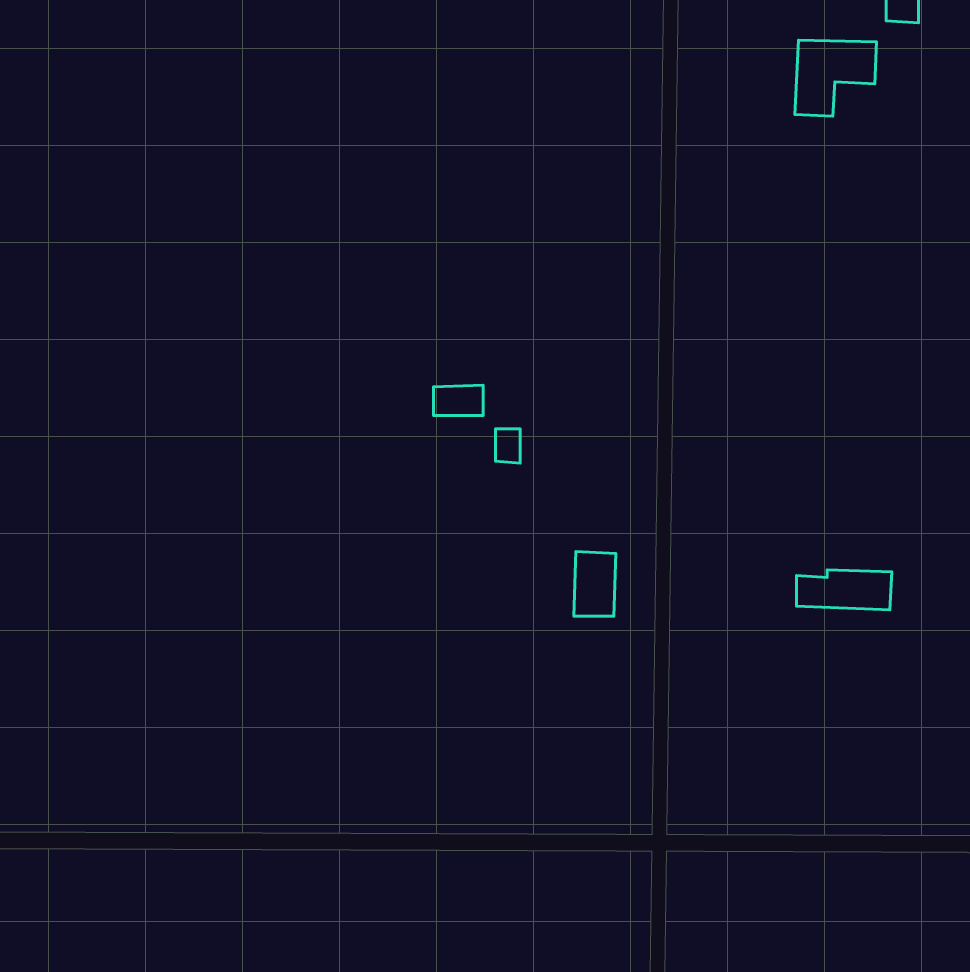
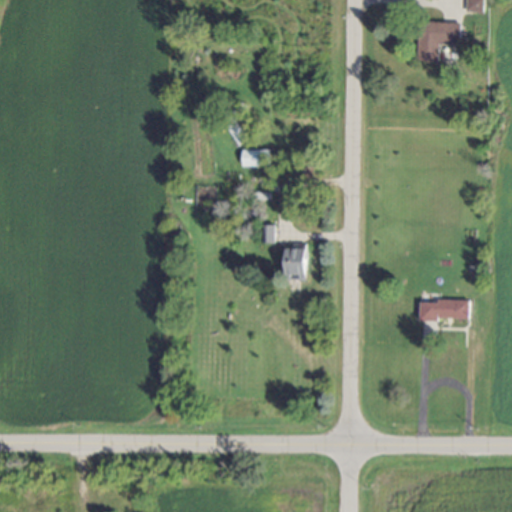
building: [433,385,483,416] -> [240,149,266,165]
building: [574,551,616,616] -> [284,245,306,279]

